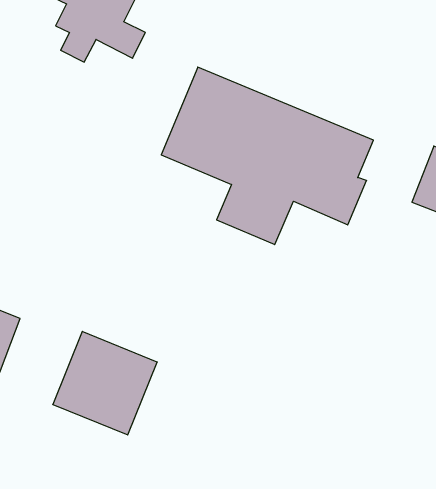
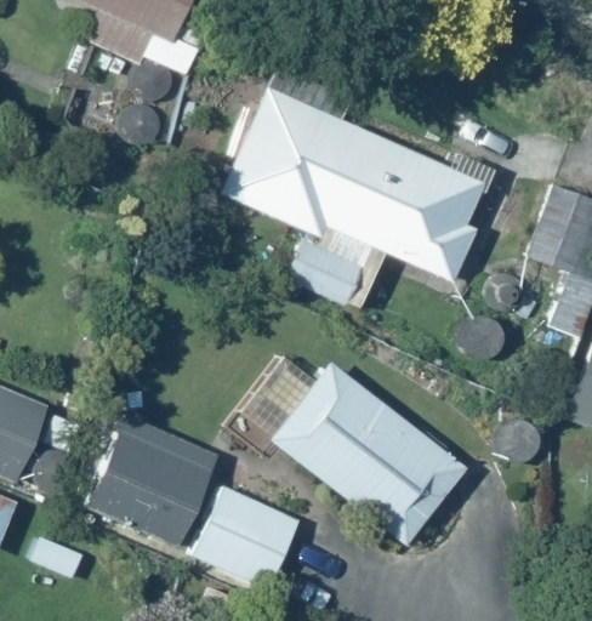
building: none -> [264,353,465,540]
building: none -> [190,483,302,588]

